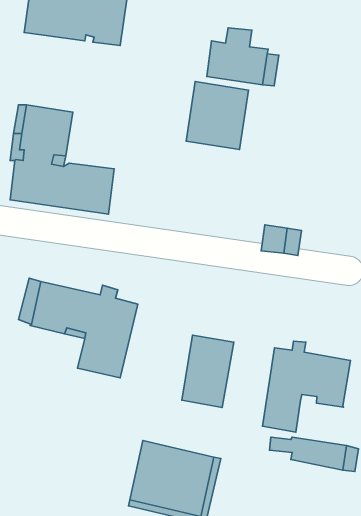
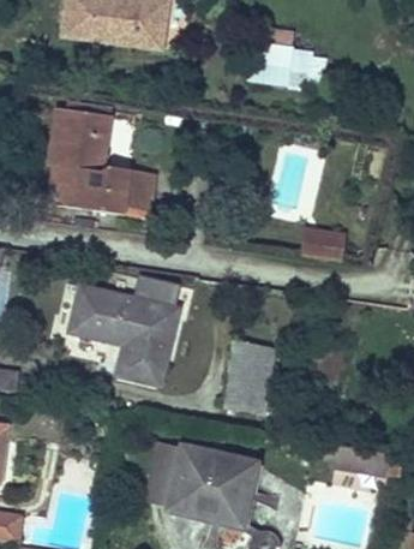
building: [186,82,248,150] -> none
building: [263,341,350,432] -> none
building: none -> [145,441,184,507]

